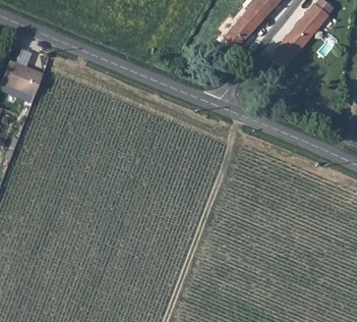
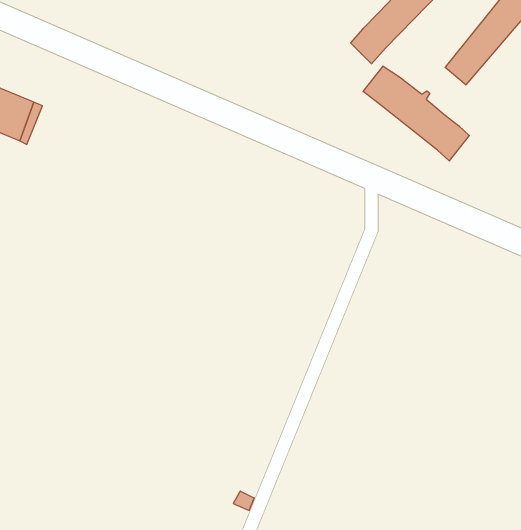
building: none -> [363,66,469,161]

